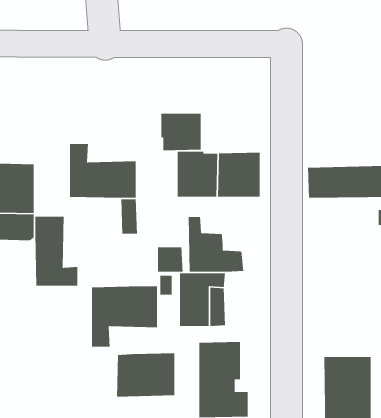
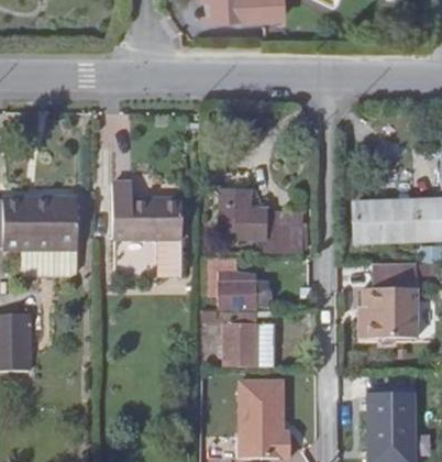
building: [161,113,202,151] -> none
building: [35,216,78,287] -> none
building: none -> [366,261,420,334]
building: [91,286,158,348] -> none
building: [116,353,175,398] -> none

